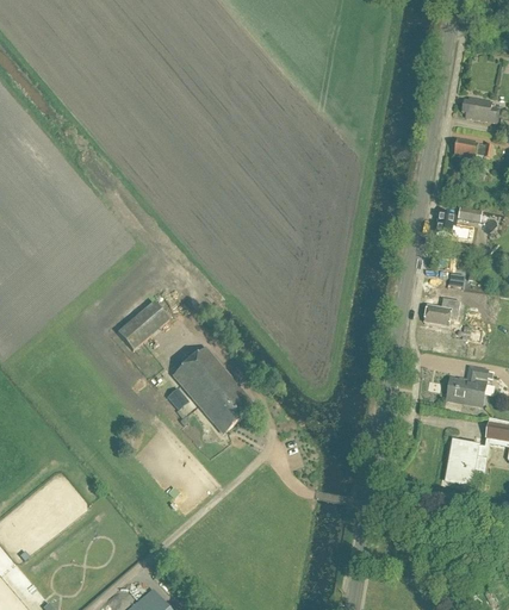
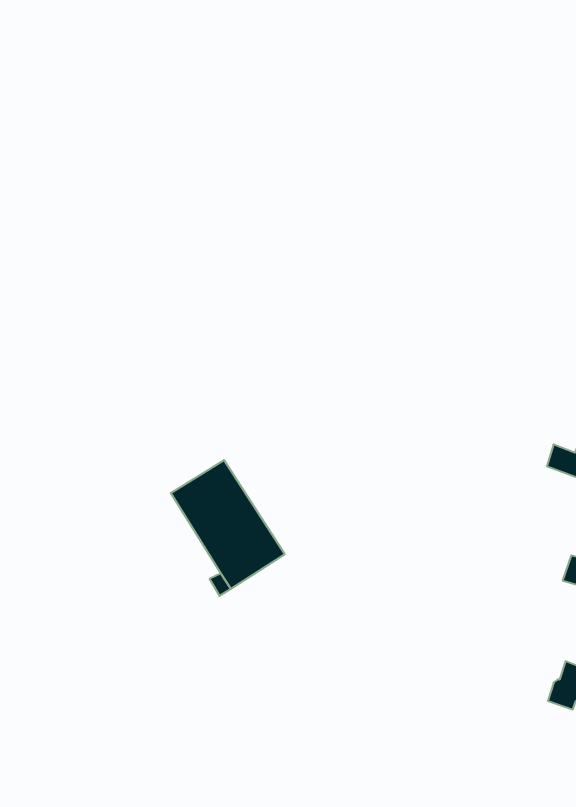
building: [118,299,167,347] -> none

